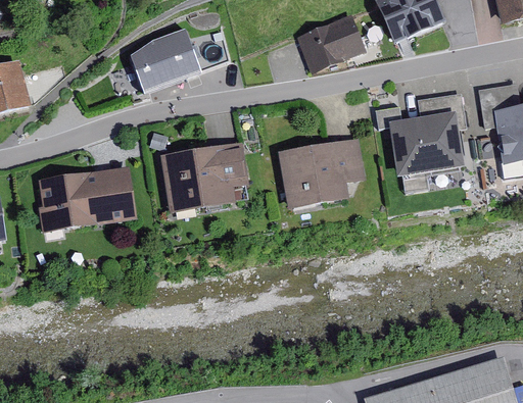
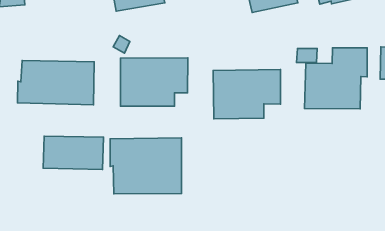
building: none -> [110,138,182,194]
building: none -> [43,136,103,170]

